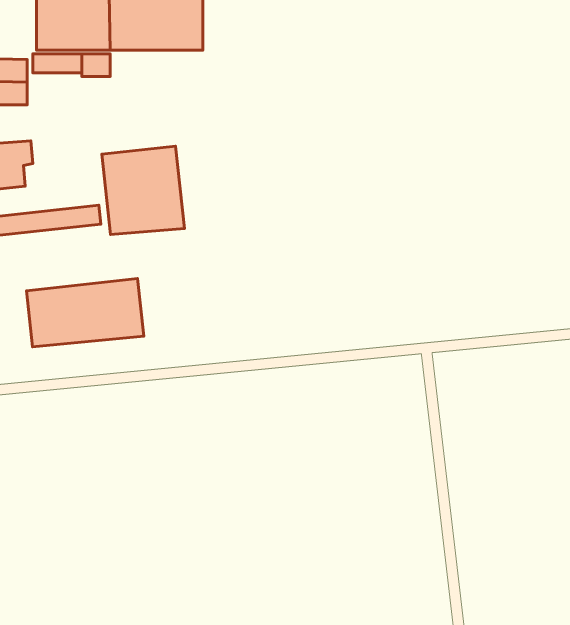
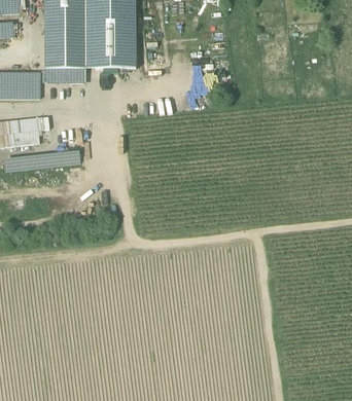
building: [102,146,185,235] -> none
building: [26,279,144,347] -> none

